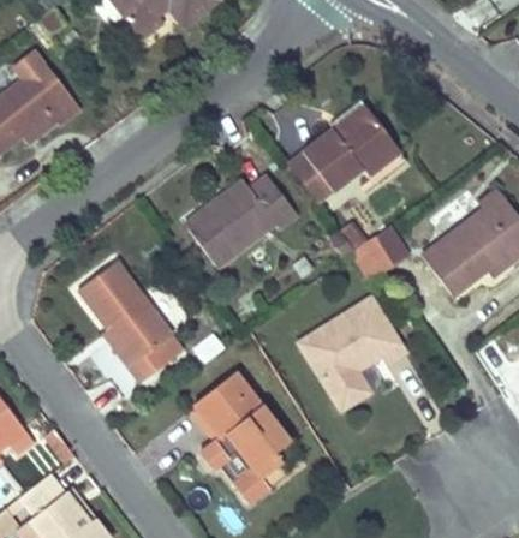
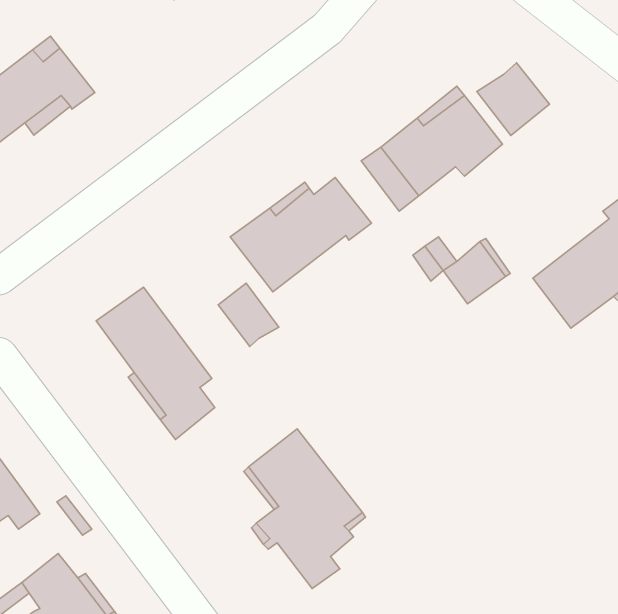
building: none -> [477,63,549,135]
building: none -> [218,283,279,347]
building: [298,298,406,410] -> none

